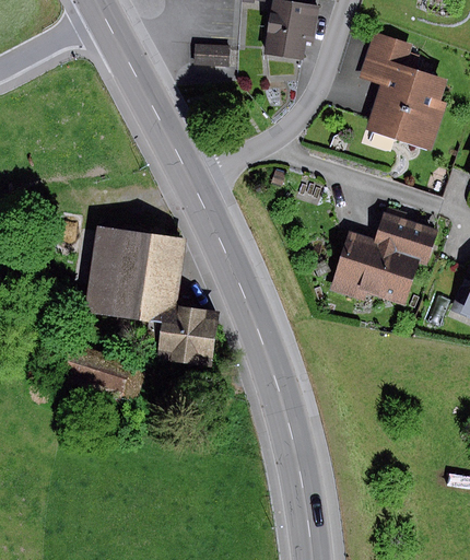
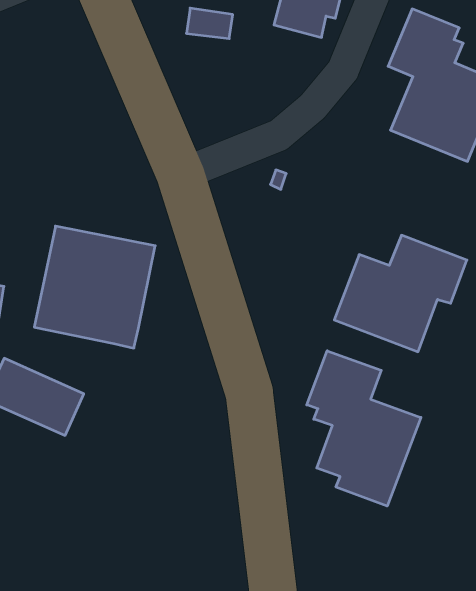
building: [153,306,215,365] -> none
building: none -> [307,351,421,506]

